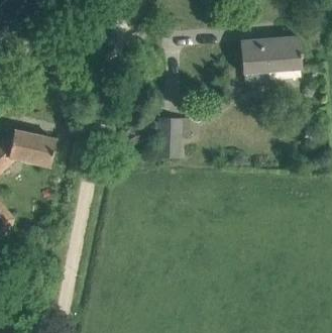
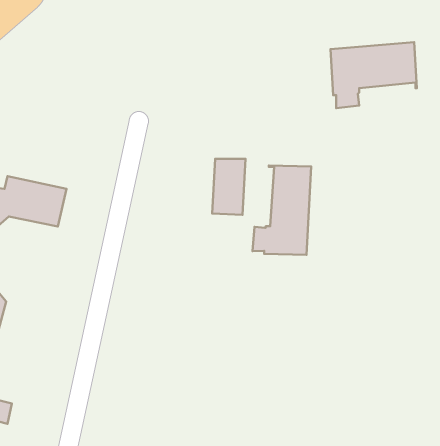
building: none -> [252,165,311,255]

